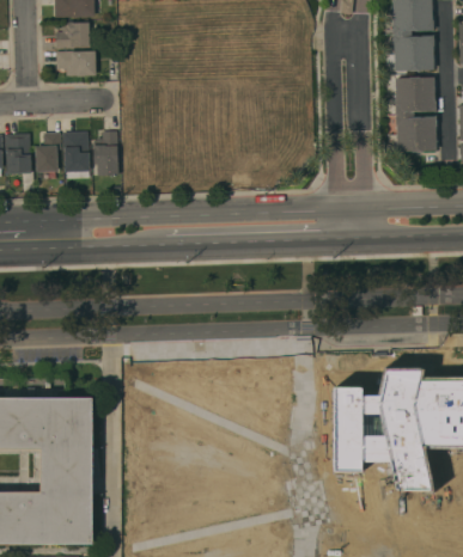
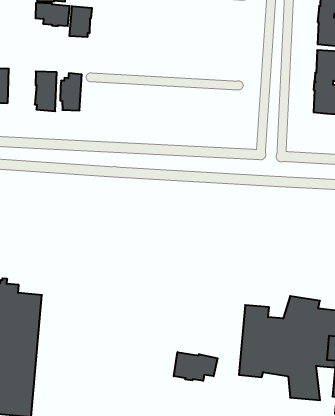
building: none -> [69,6,92,37]
building: [35,131,61,171] -> none
building: none -> [174,352,218,381]

